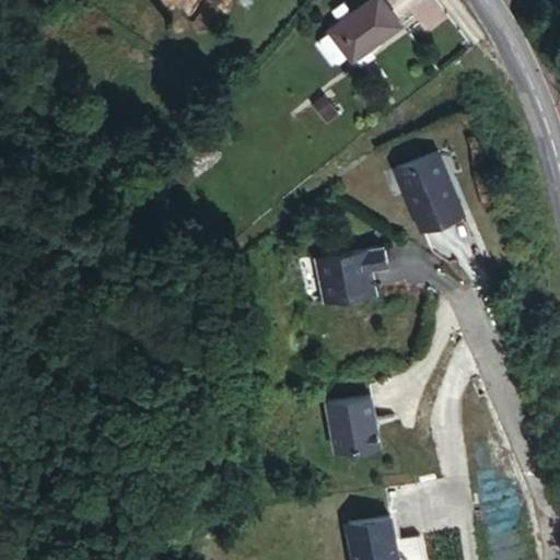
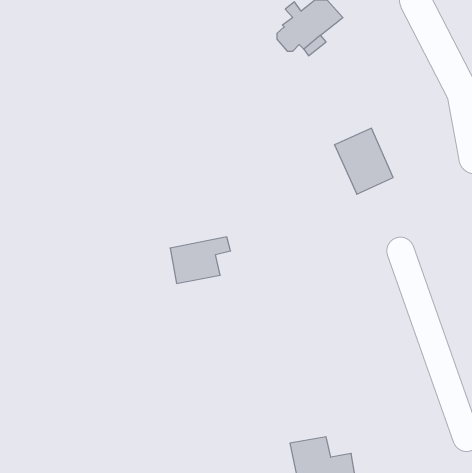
building: [317,246,388,301] -> [170,237,231,283]
building: [324,394,377,452] -> none

